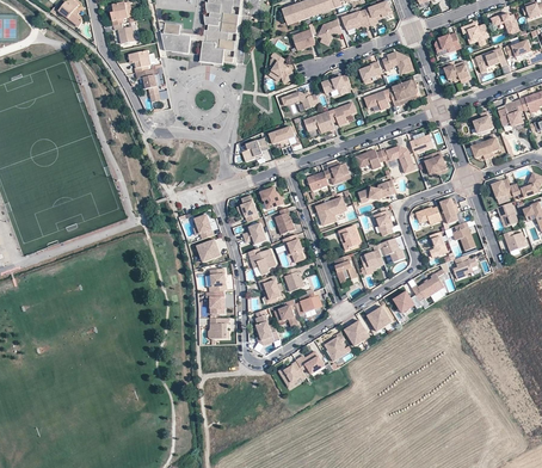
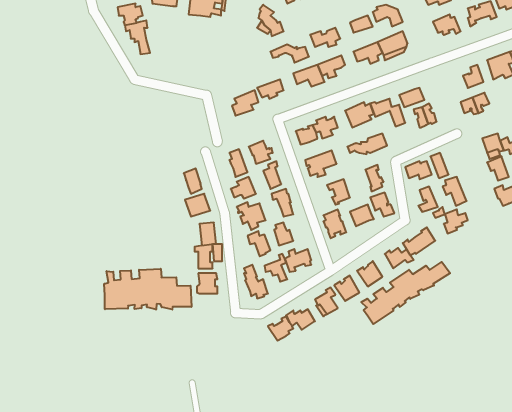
building: none -> [361,262,450,324]
building: none -> [104,269,191,310]

